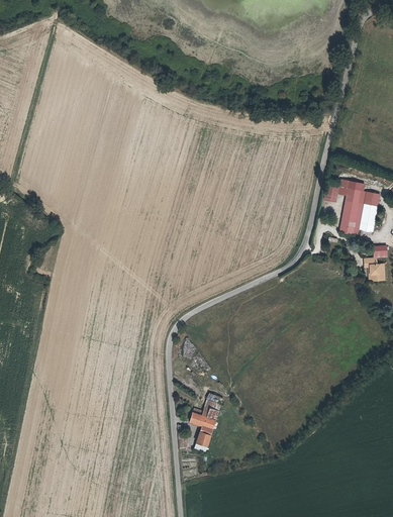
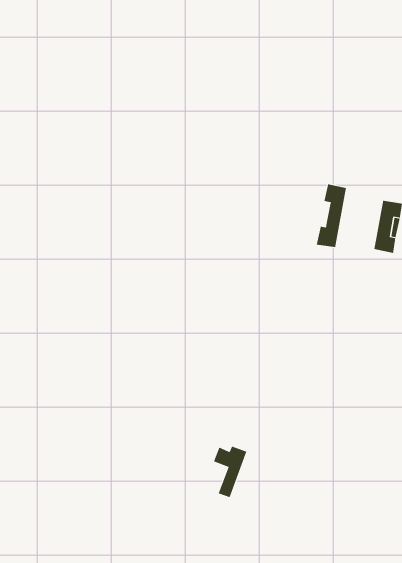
building: none -> [316,183,347,248]

